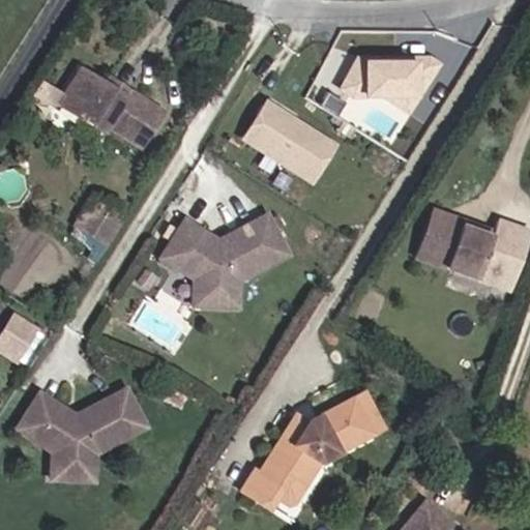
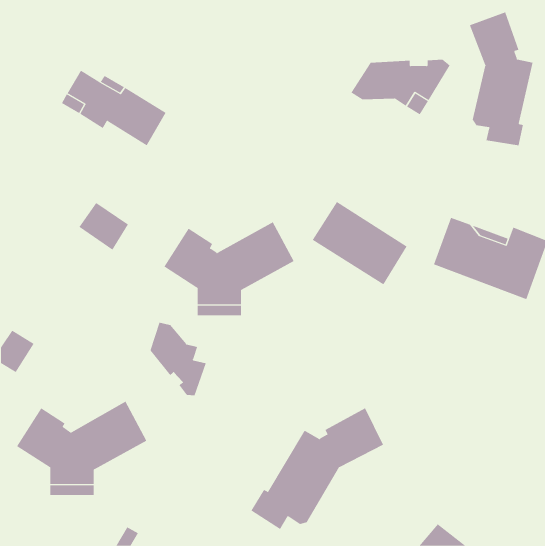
building: none -> [469,11,533,146]
building: [241,101,333,182] -> [312,201,407,285]
building: none -> [150,322,206,396]

